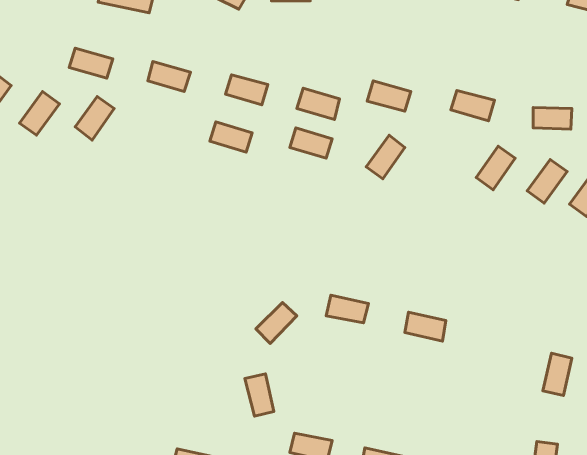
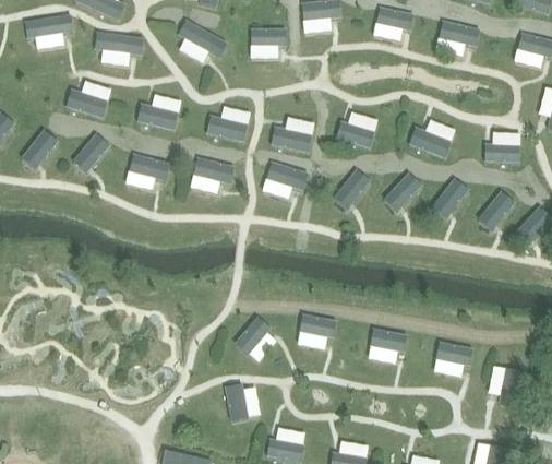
building: none -> [132,152,170,179]
building: none -> [386,170,422,210]
building: none -> [434,341,472,367]

